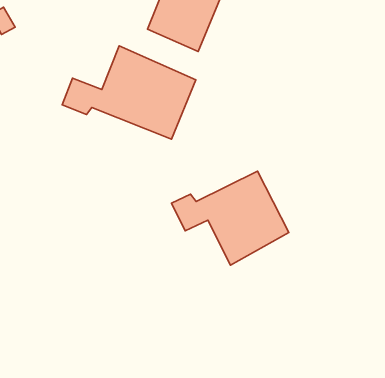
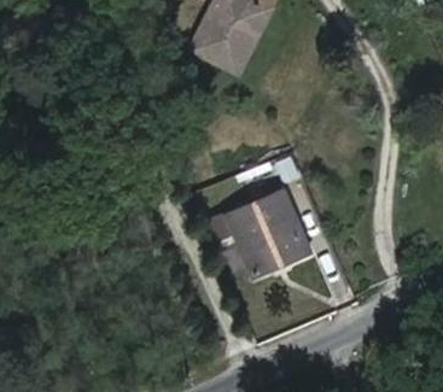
building: [62,46,196,139] -> none

